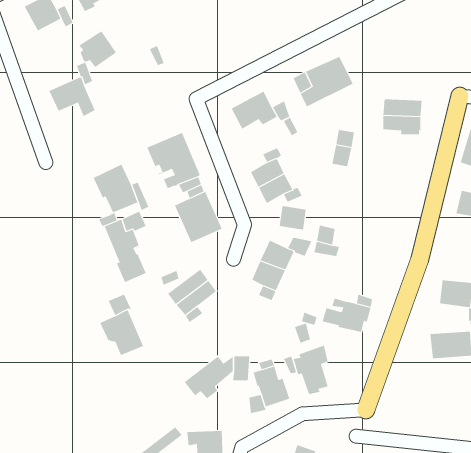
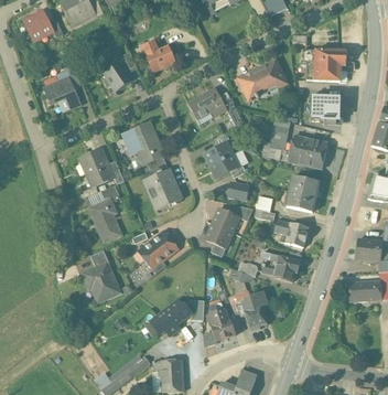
building: [78,30,117,68] -> [103,62,133,92]
building: none -> [142,41,175,73]
building: none -> [302,50,347,82]
building: none -> [288,136,327,169]
building: none -> [287,175,319,212]
building: none -> [274,220,309,248]

